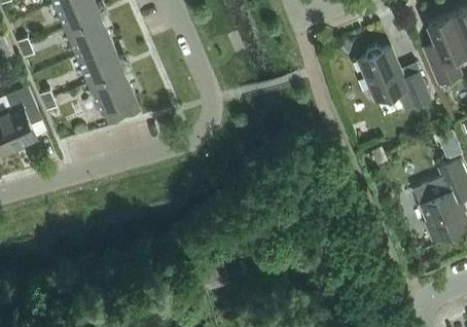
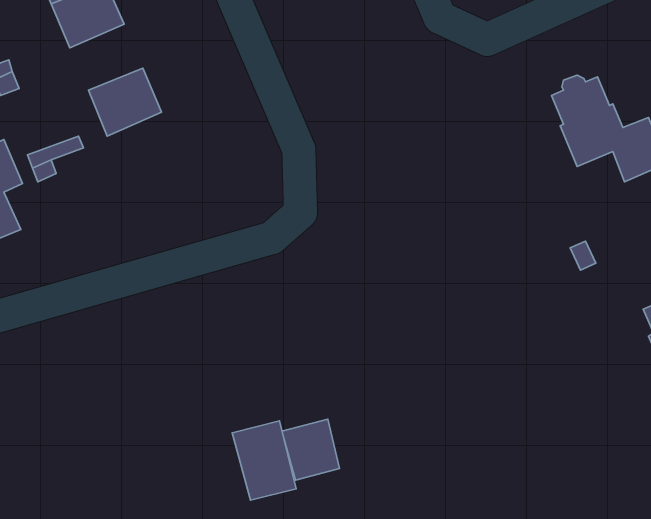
building: [68,15,112,56] -> none
building: [91,69,140,124] -> none
building: none -> [232,421,296,500]

